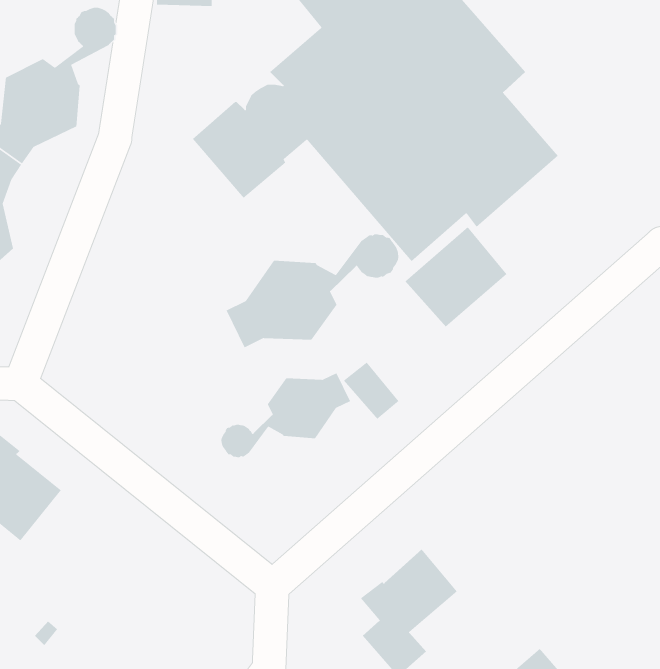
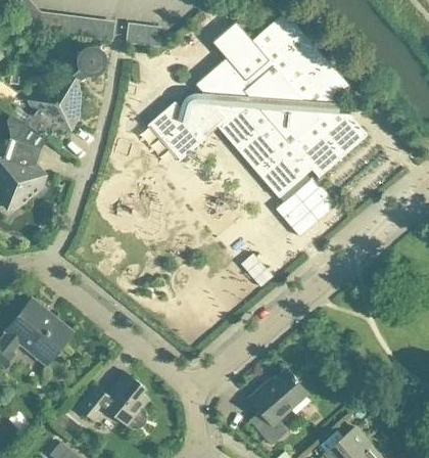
building: [226,233,399,349] -> none
building: [221,372,351,458] -> none
building: none -> [78,371,149,428]

